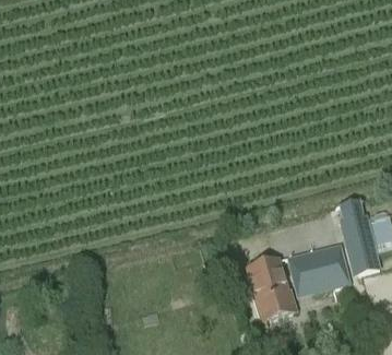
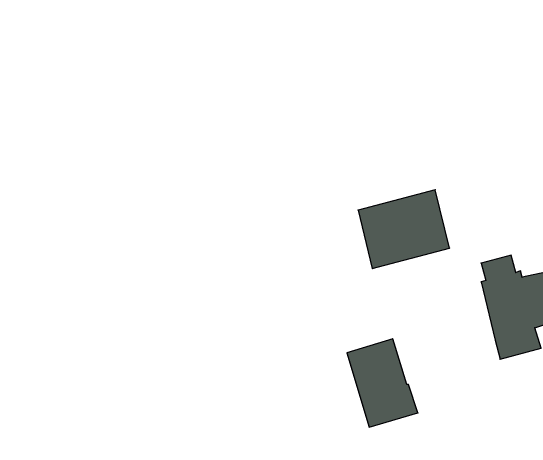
building: [287,242,351,297] -> [358,190,450,269]

